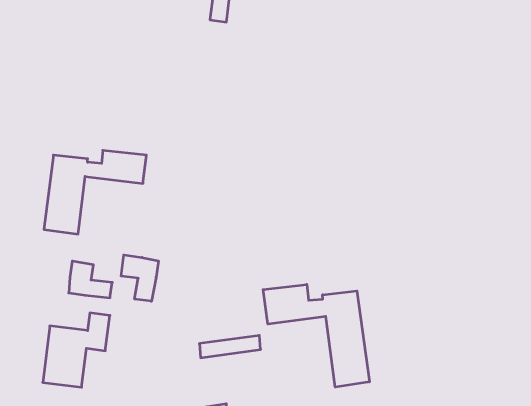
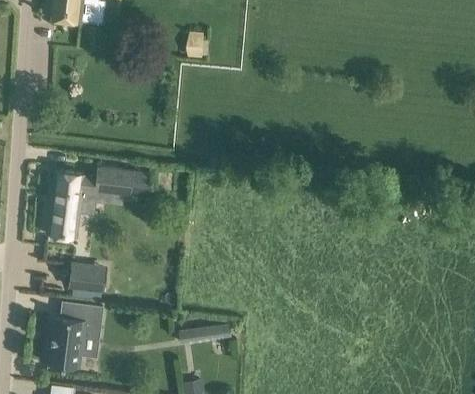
building: [121,255,158,301] -> none
building: [263,284,369,387] -> none

